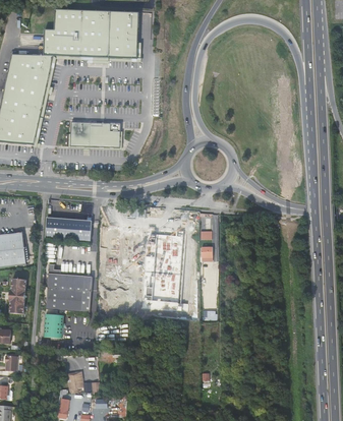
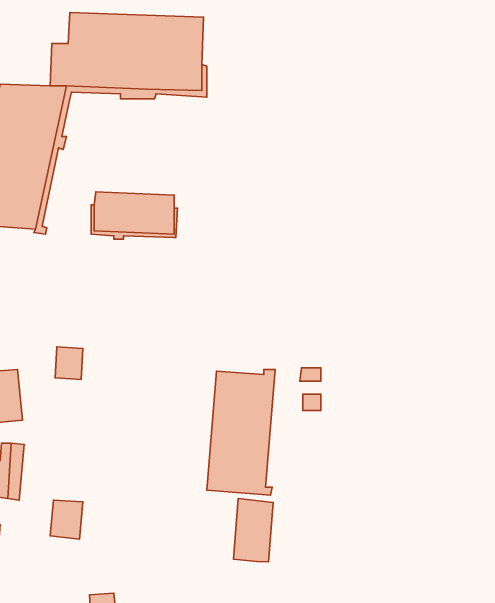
building: [63,219,93,240] -> none
building: [47,263,92,311] -> none
building: none -> [233,499,273,562]

